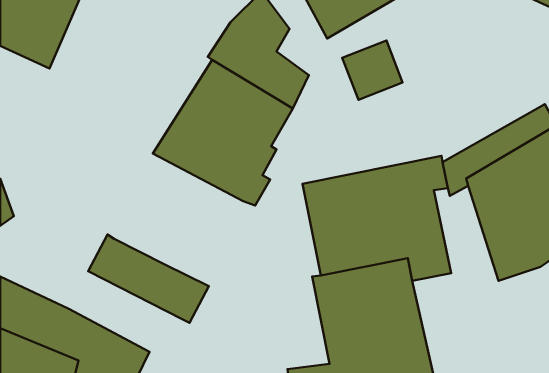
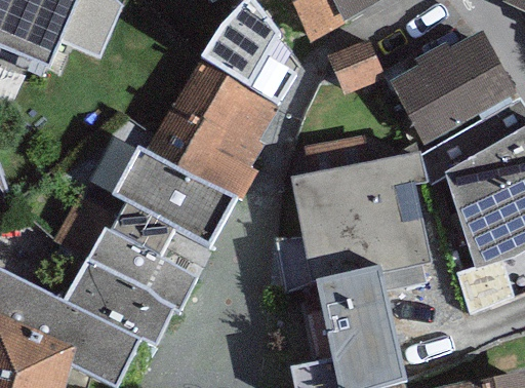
building: none -> [390,30,517,145]
building: none -> [110,144,233,255]
building: none -> [67,261,175,345]

